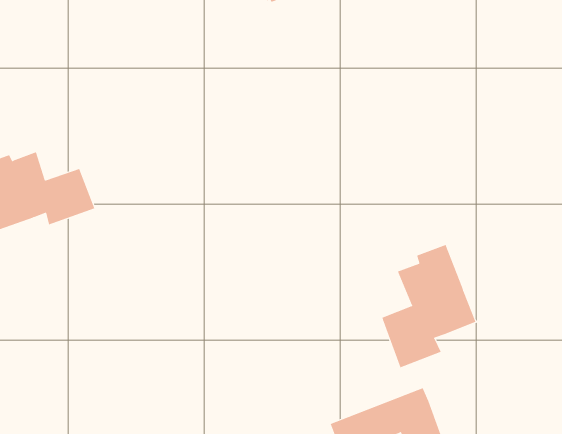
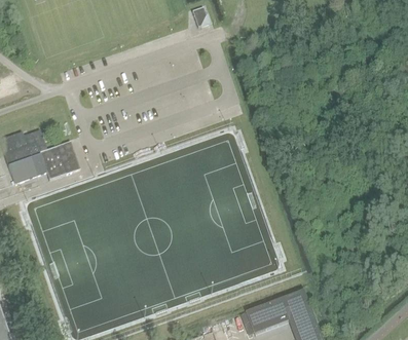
building: [381,244,476,368] -> none

